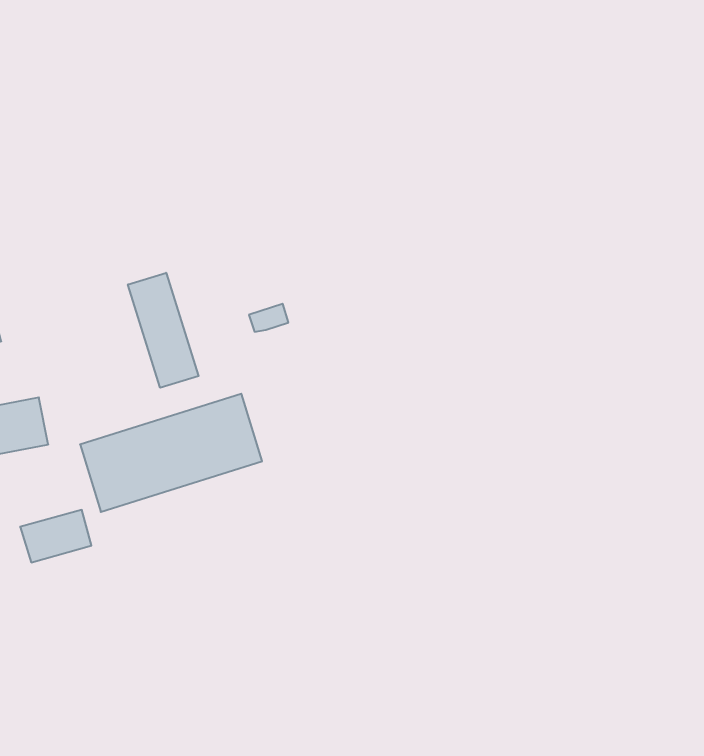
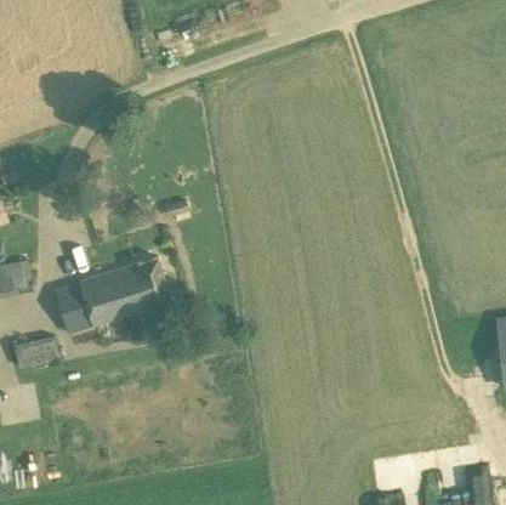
building: [128,273,199,388] -> none

